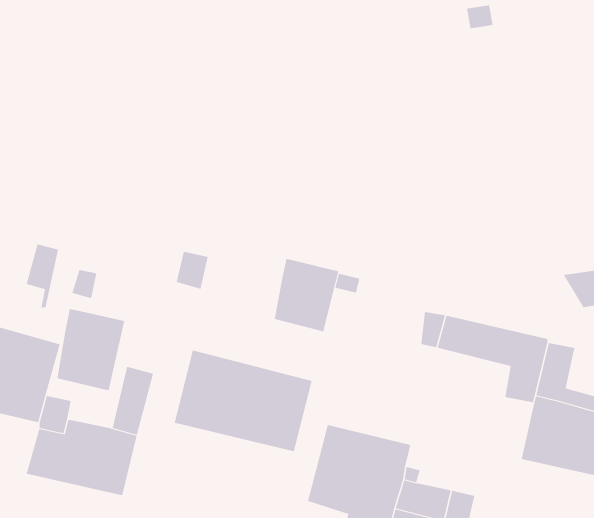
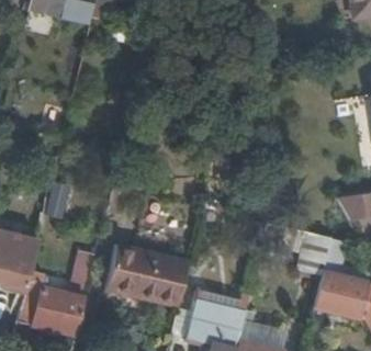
building: [274,258,339,332] -> none
building: [57,308,125,391] -> none

